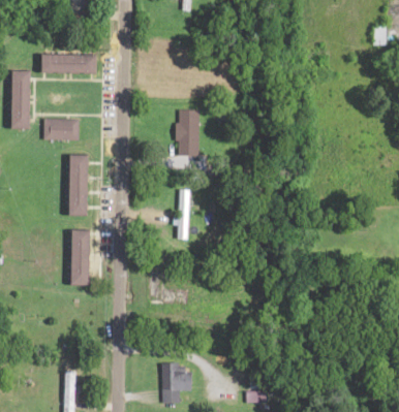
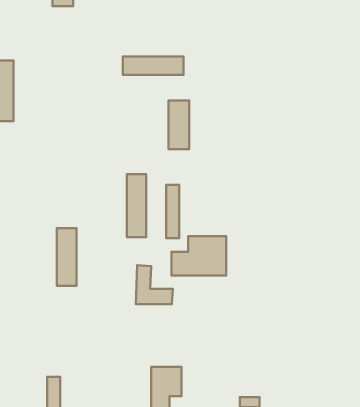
building: [40,55,98,72] -> [123,56,183,75]
building: [43,119,80,139] -> none
building: [70,156,89,216] -> [127,174,146,237]
building: none -> [172,236,226,276]

